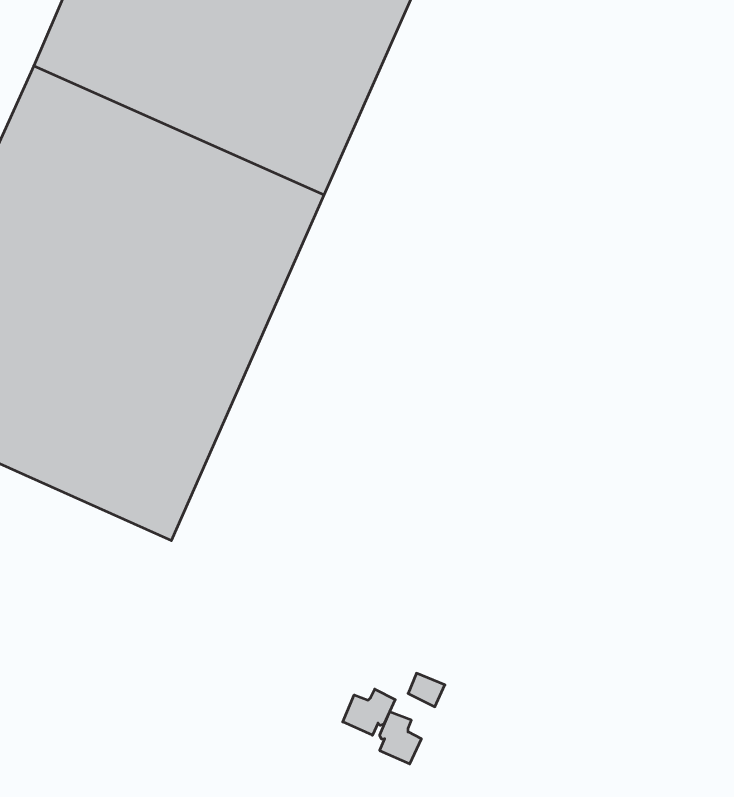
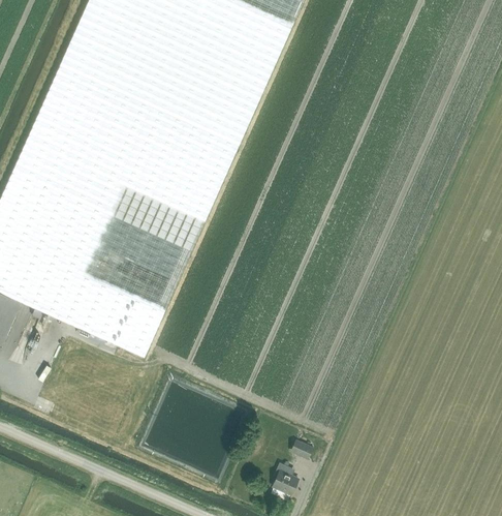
building: [343,689,395,735] -> none

